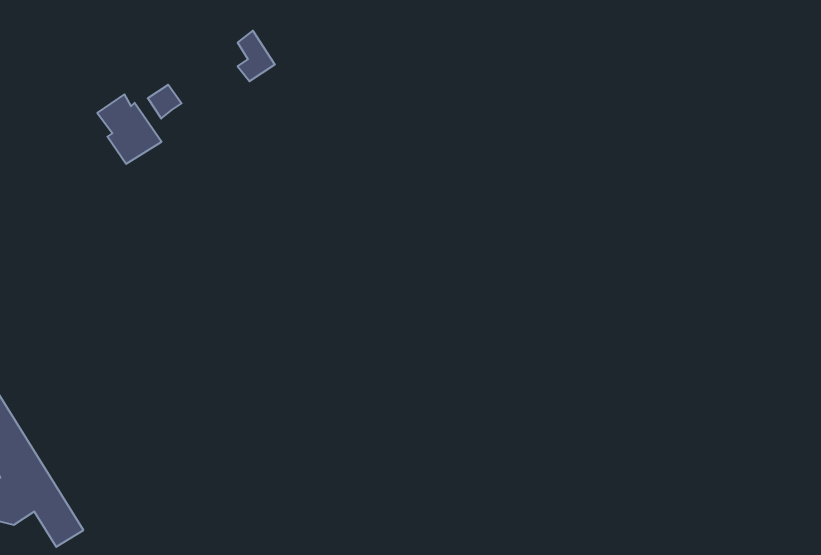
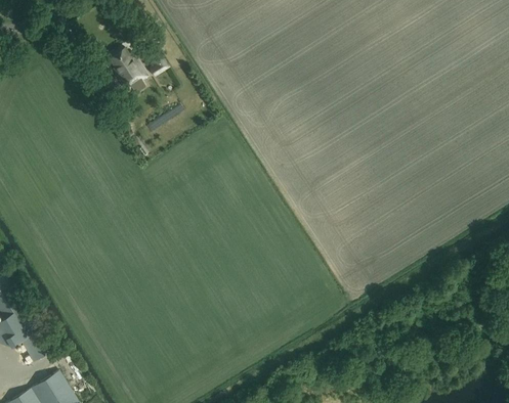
building: [97,94,162,164] -> [105,49,144,91]

